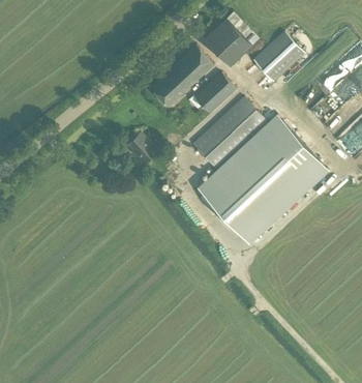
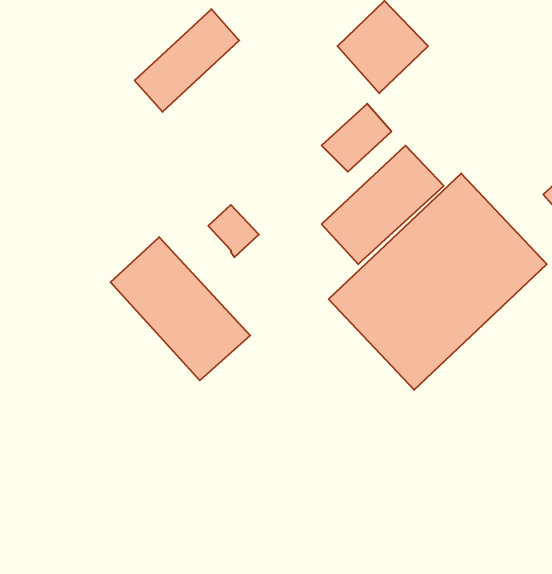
building: [251,32,301,82] -> none
building: [149,47,211,108] -> [135,9,239,112]
building: none -> [111,237,250,380]

